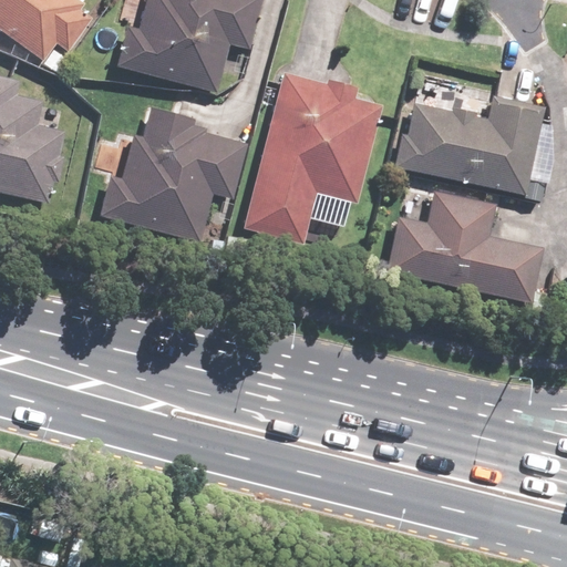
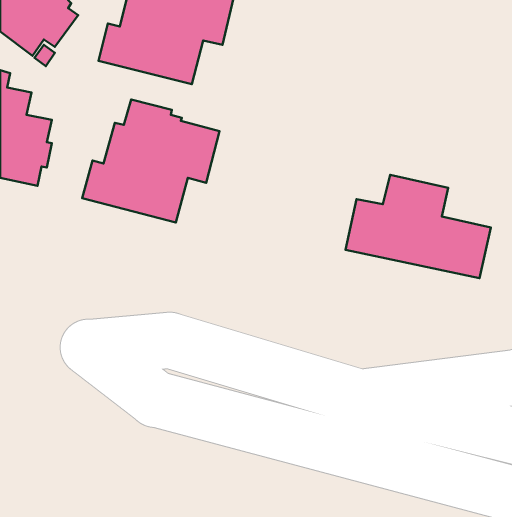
building: [241,72,383,245] -> none
building: [393,95,545,199] -> none

